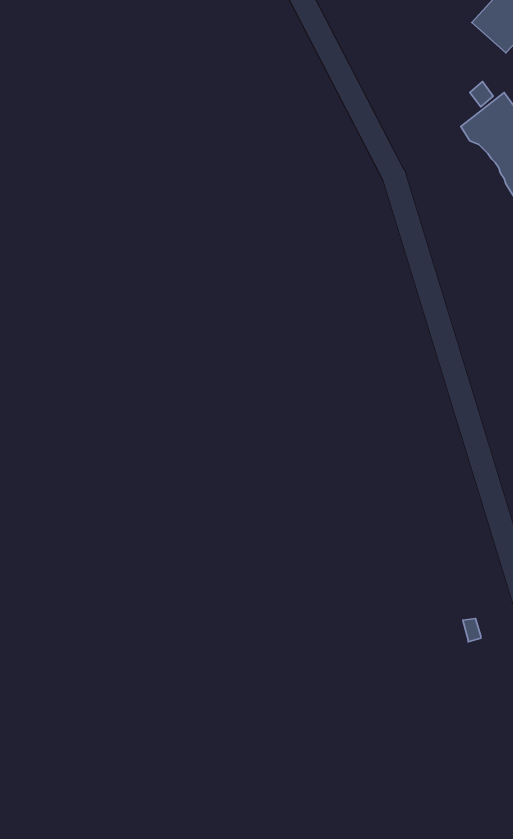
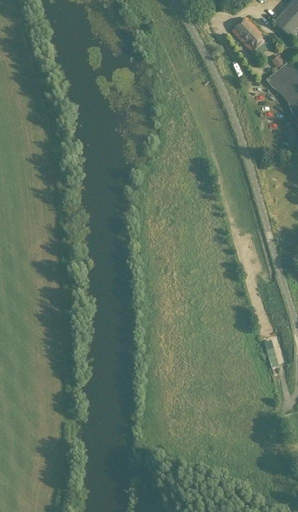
building: none -> [232,17,267,51]

